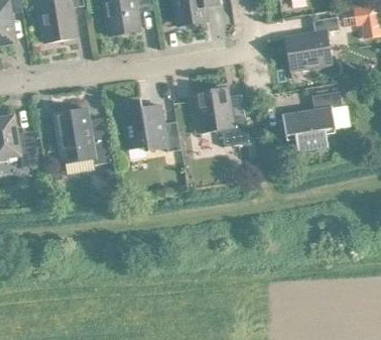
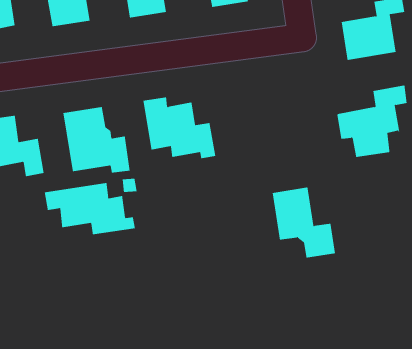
building: [196,87,249,146] -> [272,187,336,258]
building: none -> [44,182,136,235]

